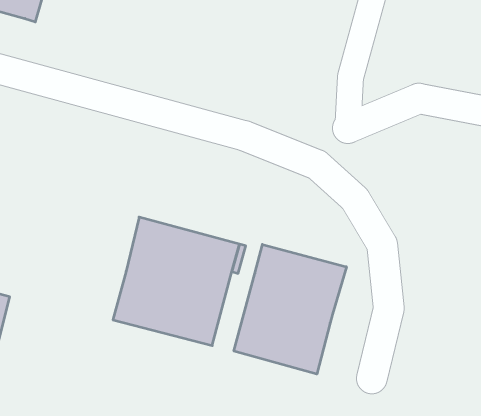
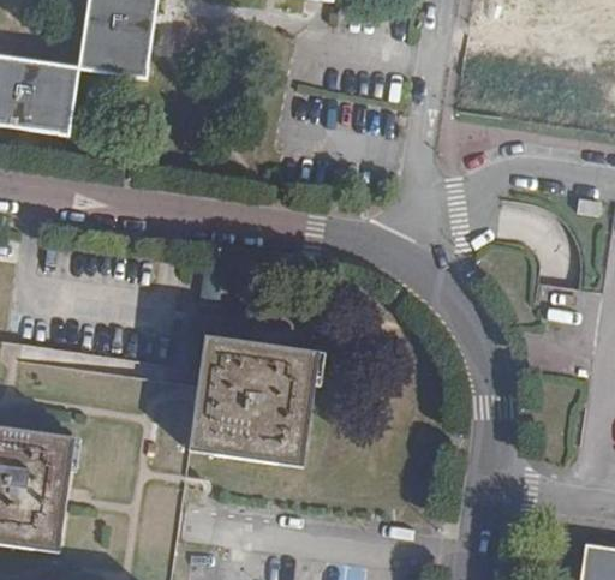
building: [234,244,346,374] -> none

